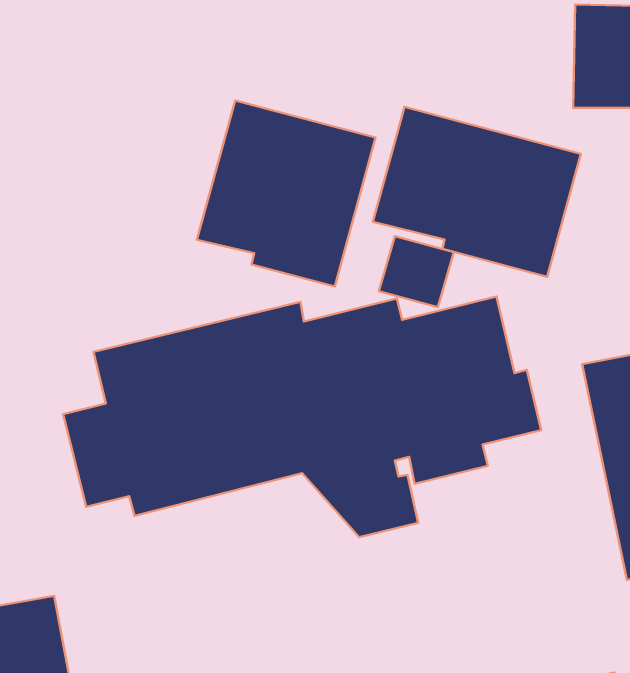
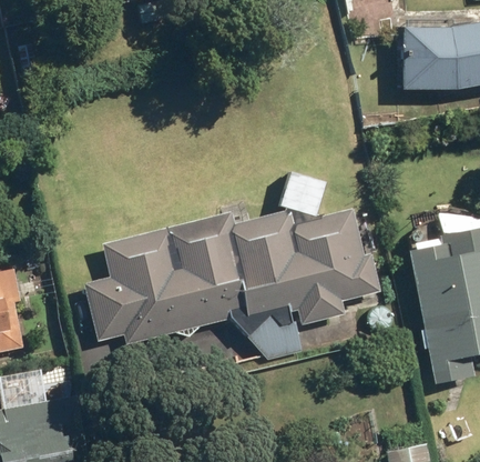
building: [197,101,375,286] -> none
building: [373,107,581,277] -> none

